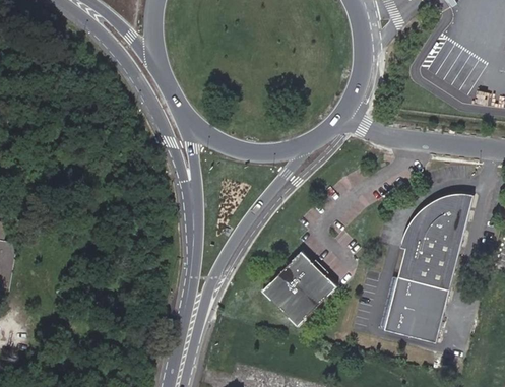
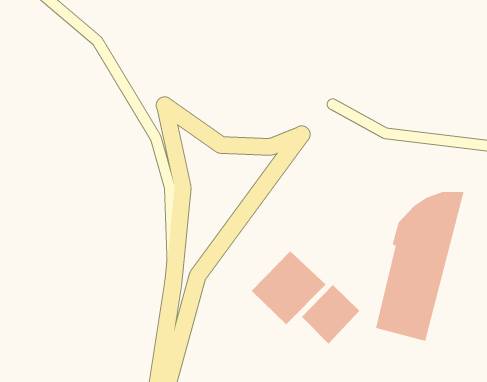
building: none -> [301,284,360,344]

